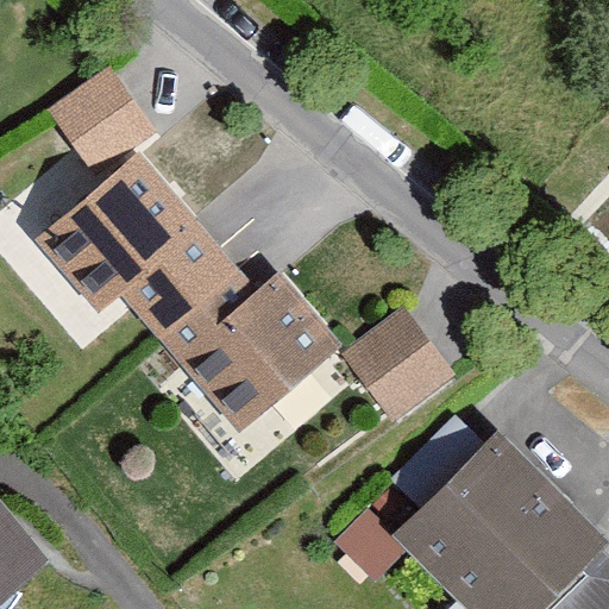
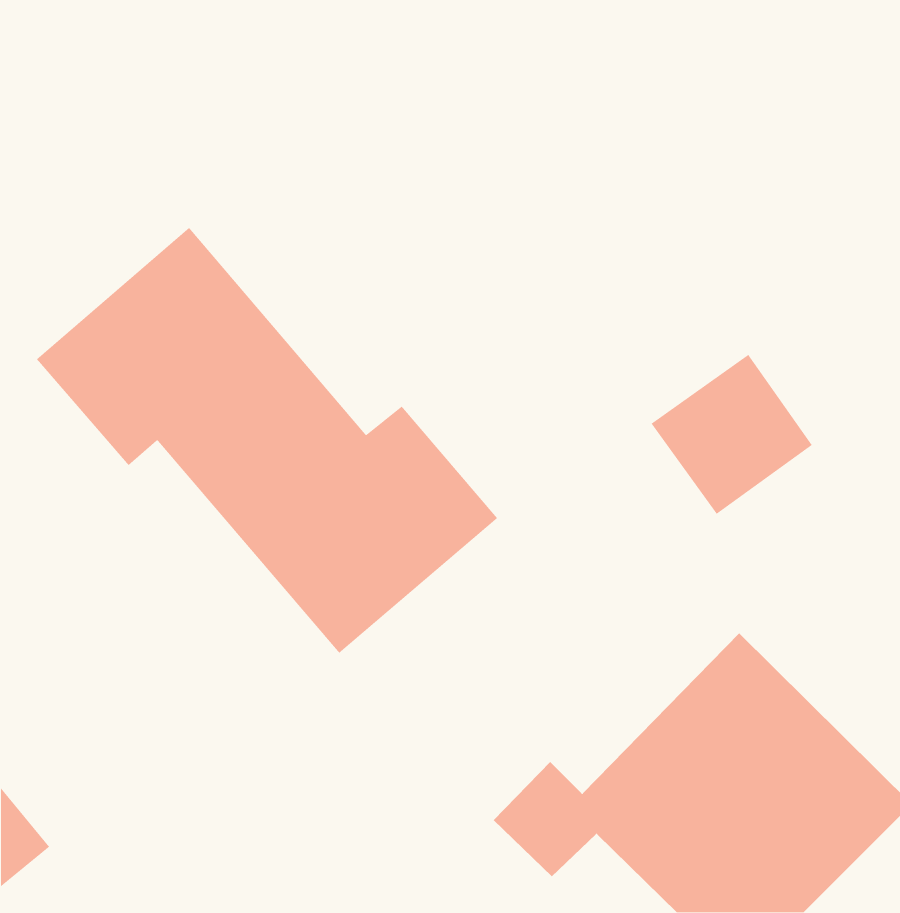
building: [48,73,152,172] -> none
building: [344,310,452,417] -> [650,354,813,515]

